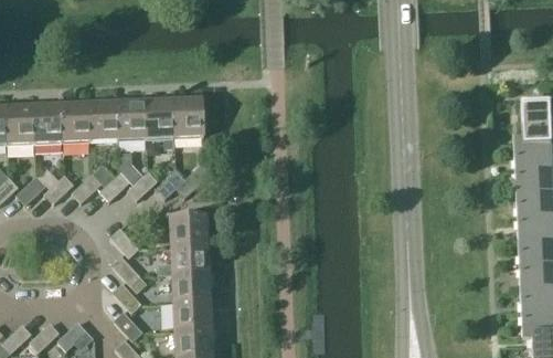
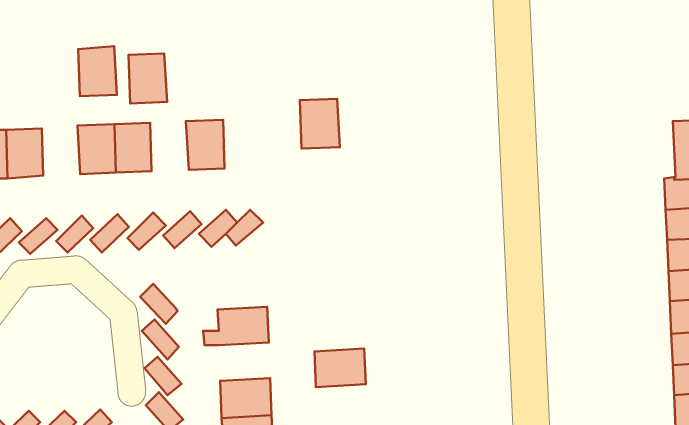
building: [174,98,205,137] -> [300,99,340,149]
building: [118,101,148,139] -> [129,53,167,103]
building: [34,104,64,143] -> [78,46,117,96]
building: [169,218,209,246] -> none
building: [171,272,211,302] -> [314,349,366,387]

